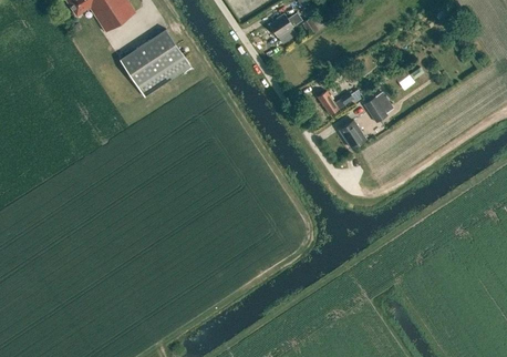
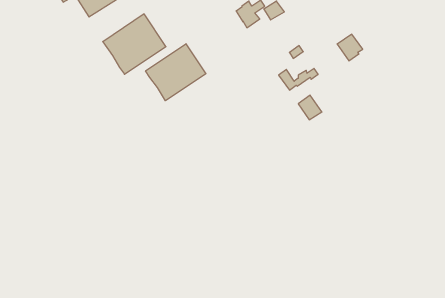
building: none -> [146,44,206,101]
building: [363,92,392,122] -> [337,34,363,61]

